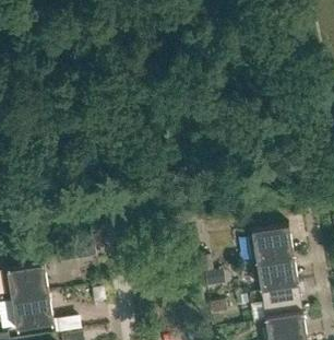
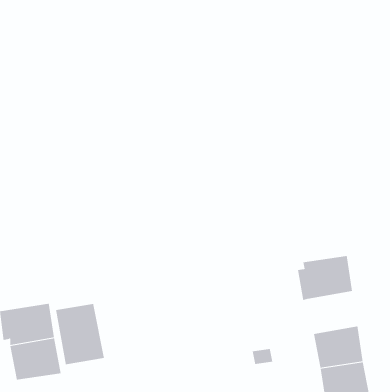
building: [255,256,297,291] -> none
building: none -> [56,303,105,365]

